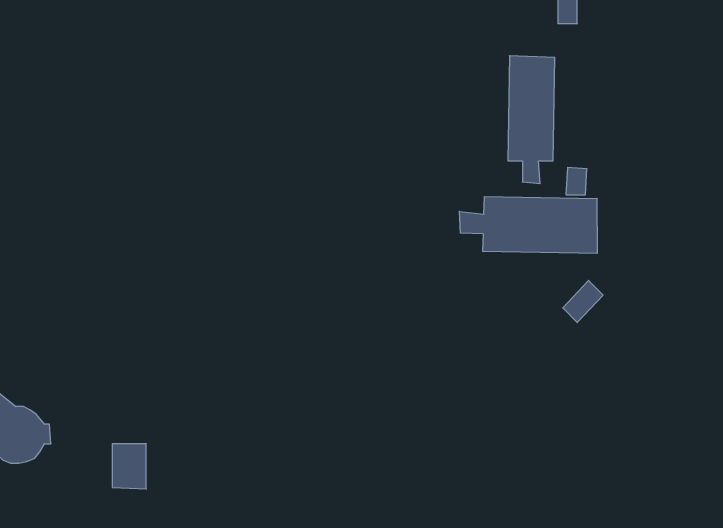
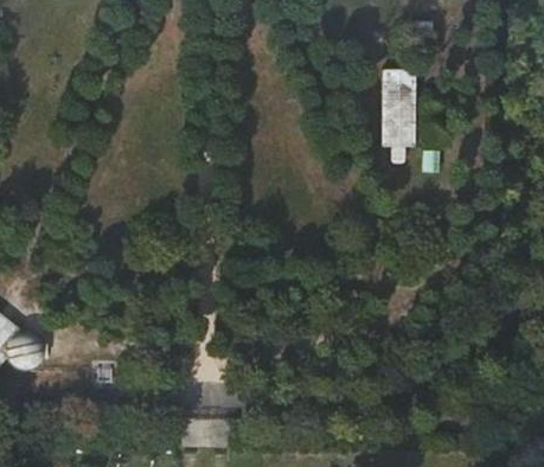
building: [459,197,597,253] -> none

